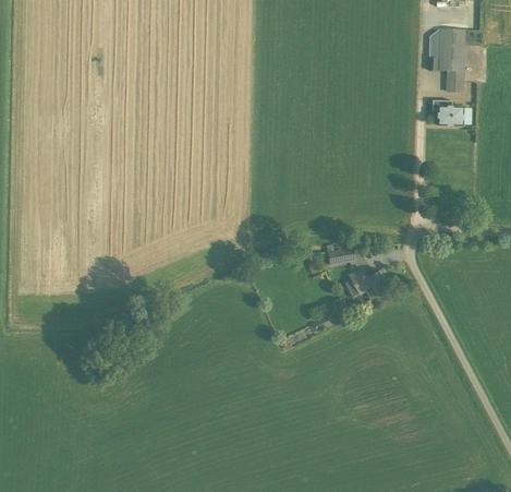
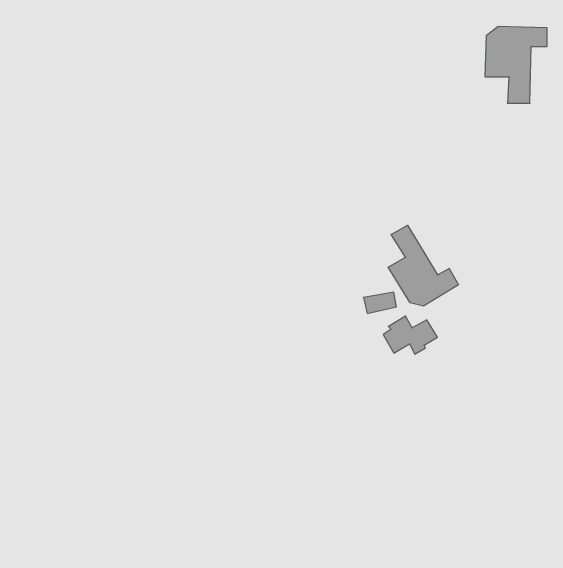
building: [431,100,463,125] -> none
building: none -> [388,225,459,306]

